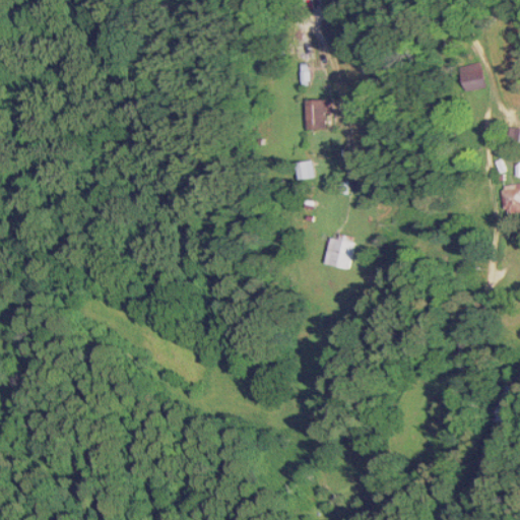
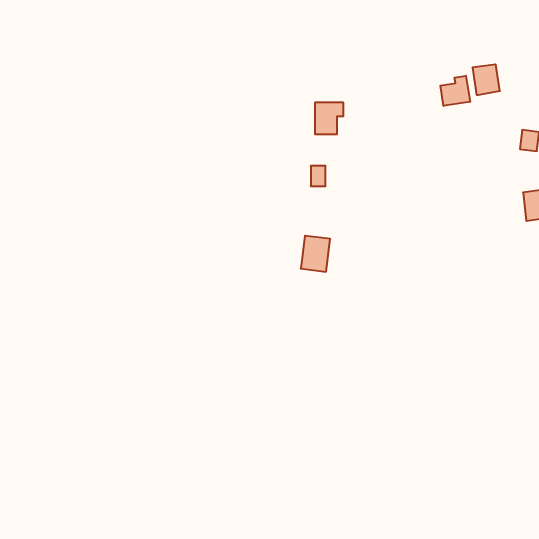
building: none -> [440,76,470,106]
building: [326,235,354,269] -> [301,236,330,272]

